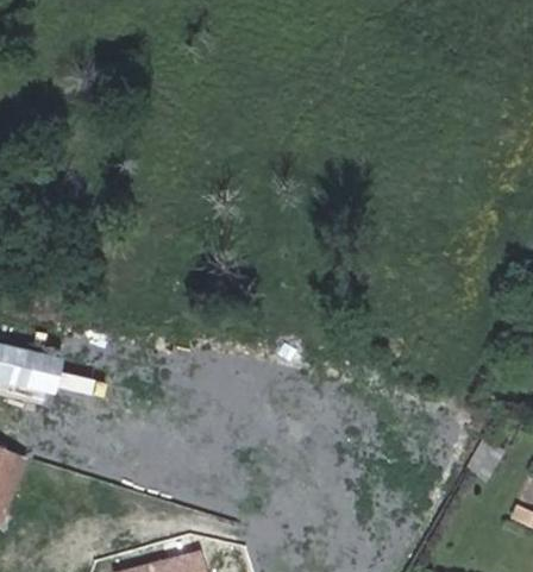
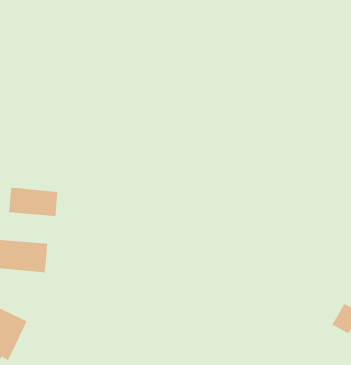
building: none -> [9,187,58,217]

